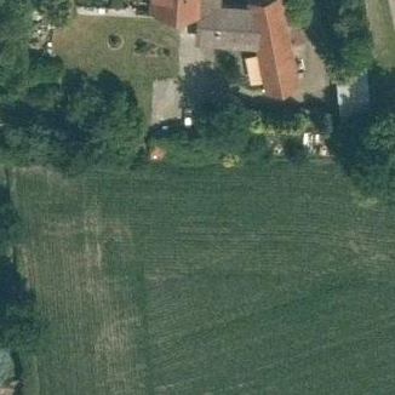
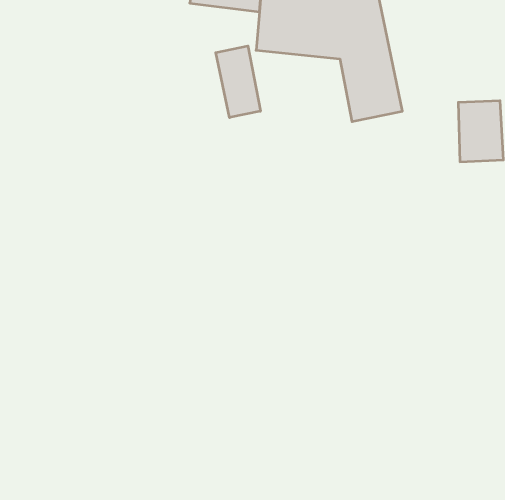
building: none -> [216,46,260,118]

